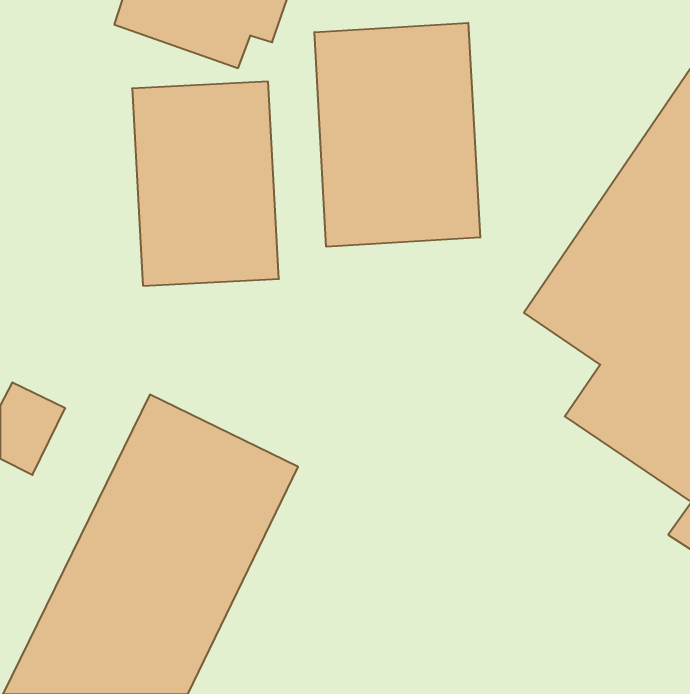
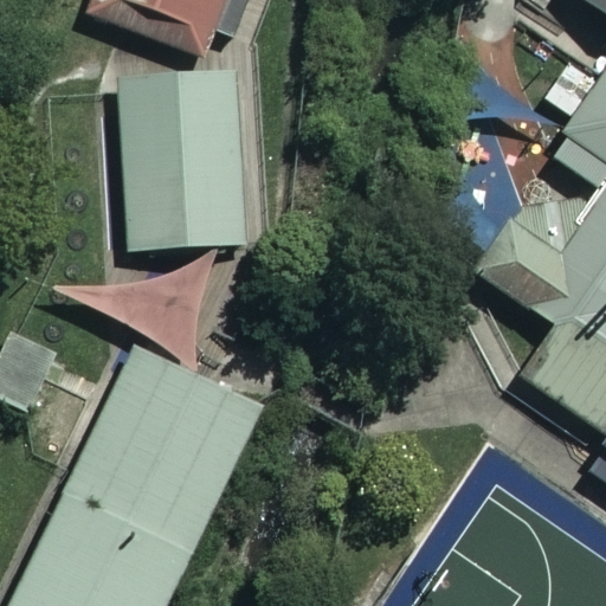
building: [314,23,480,247] -> none

